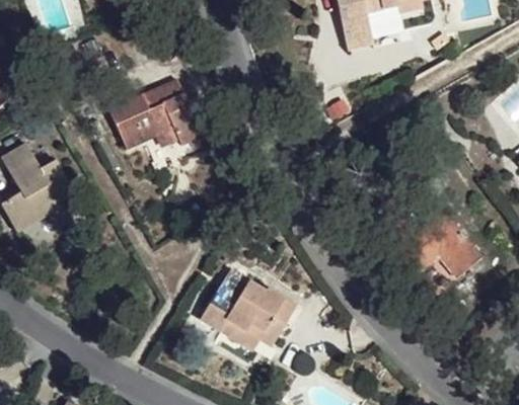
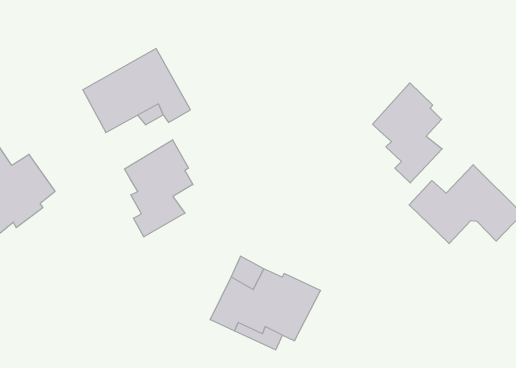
building: none -> [373,83,442,183]
building: none -> [124,140,193,237]

